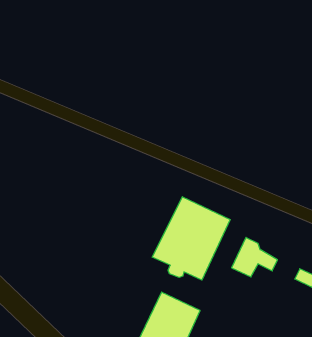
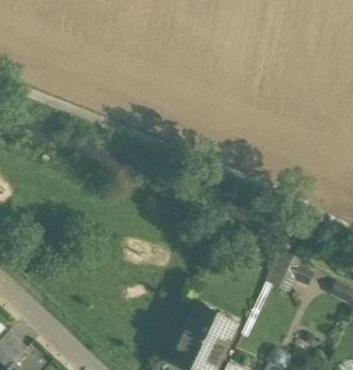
building: [152,197,230,280] -> none

